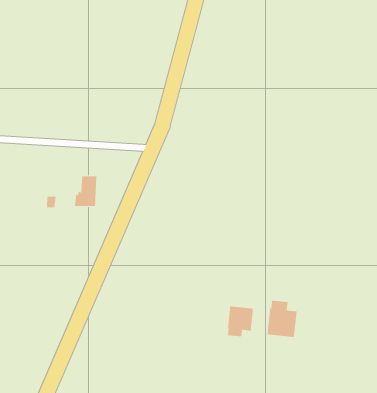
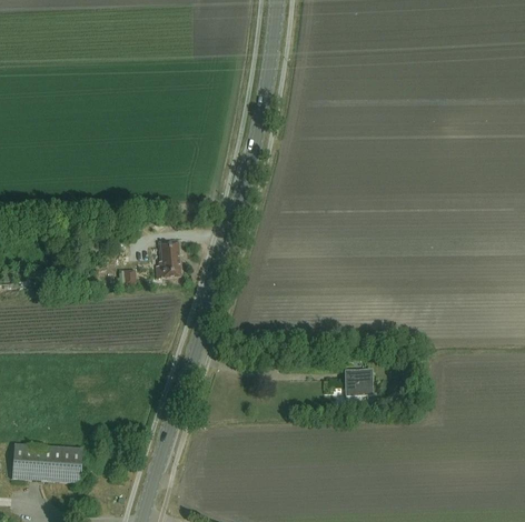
building: [267,300,297,338] -> none

